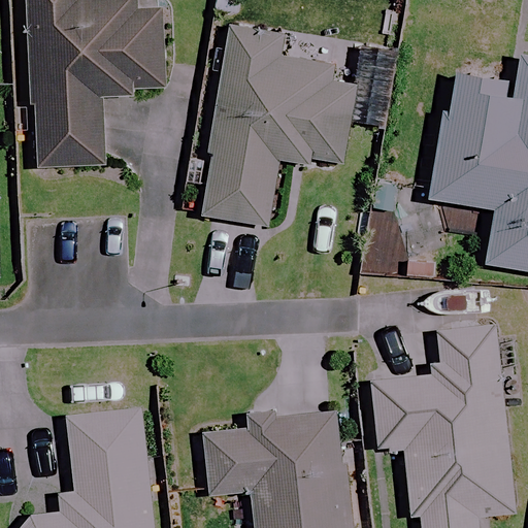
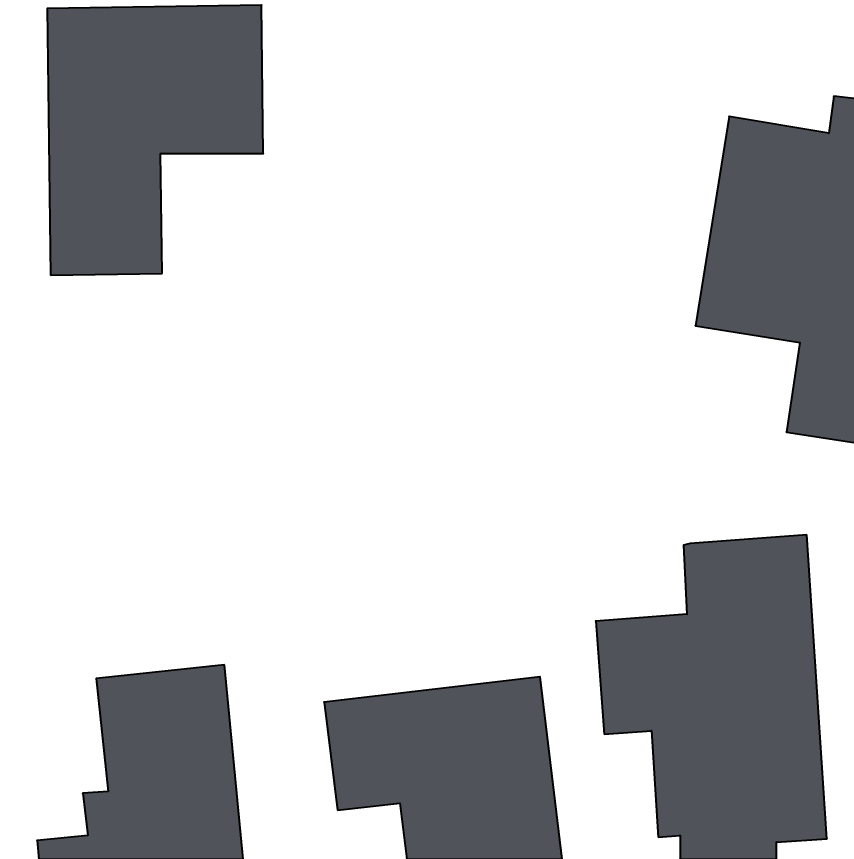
building: [203,28,388,226] -> none

